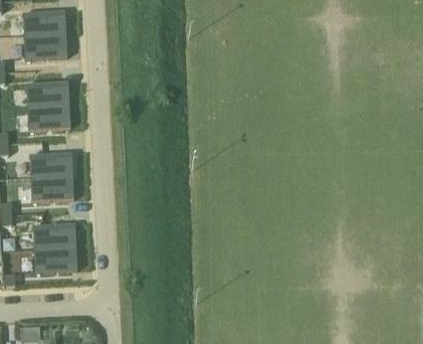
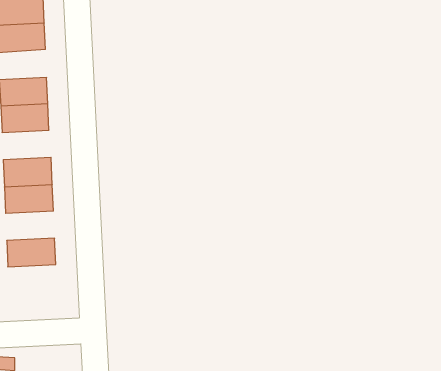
building: [34,246,77,272] -> none

